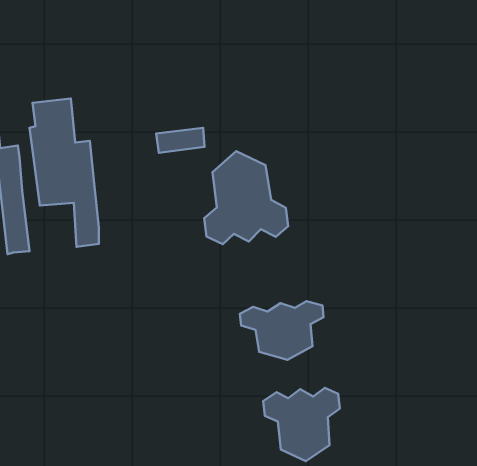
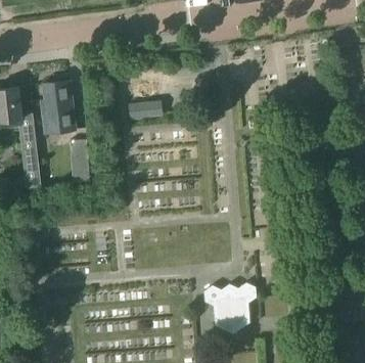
building: [204,151,288,244] -> none
building: [240,301,324,360] -> none

